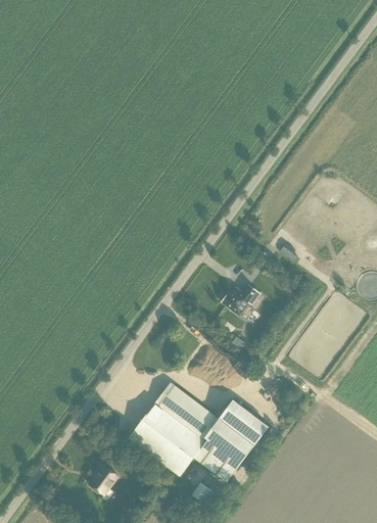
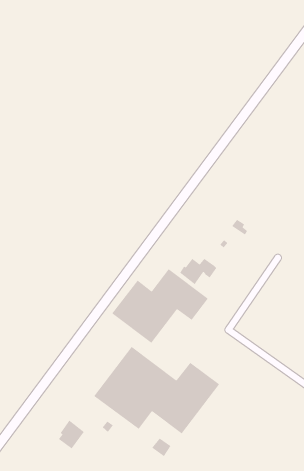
building: none -> [111,268,209,344]

